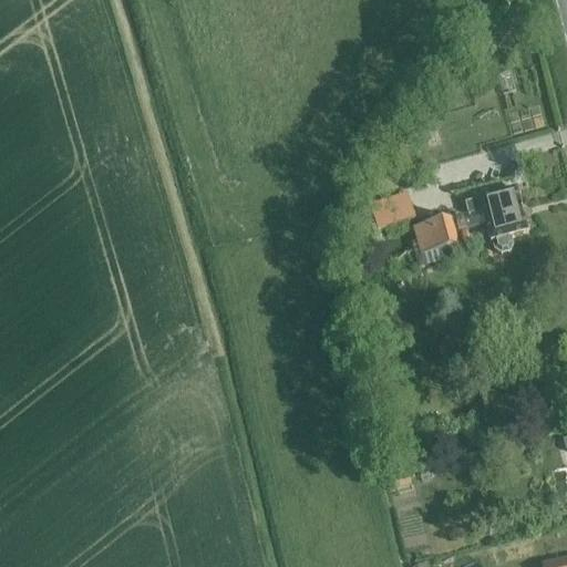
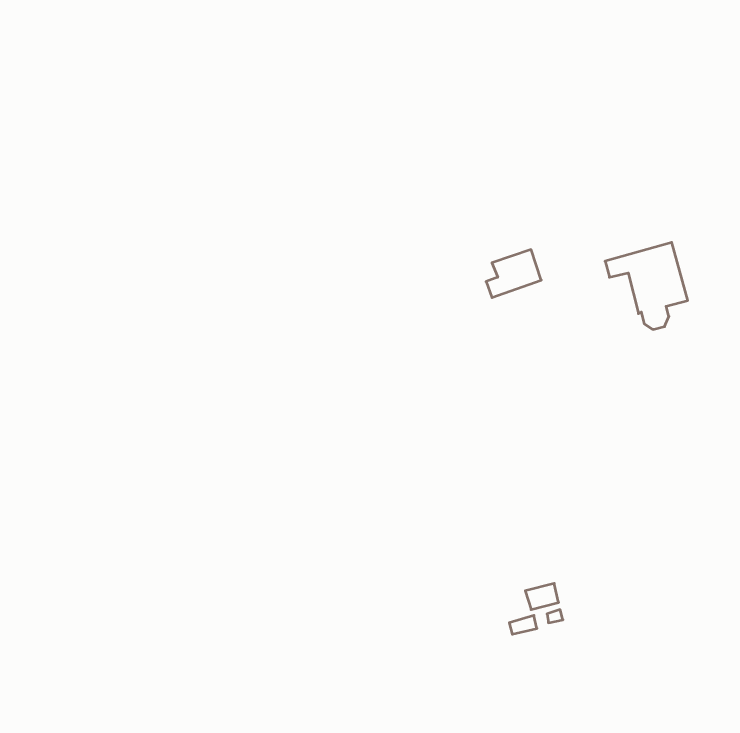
building: [414,216,455,251] -> none

